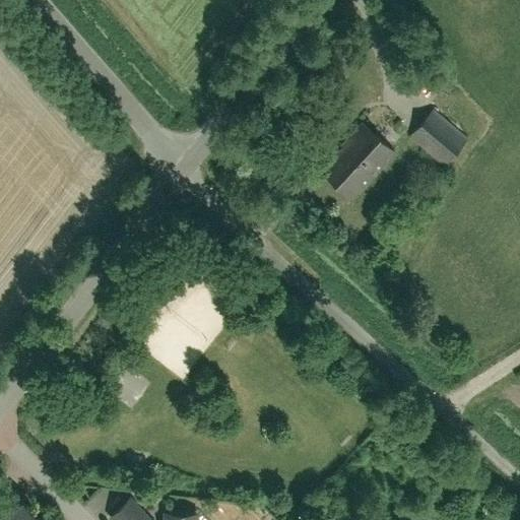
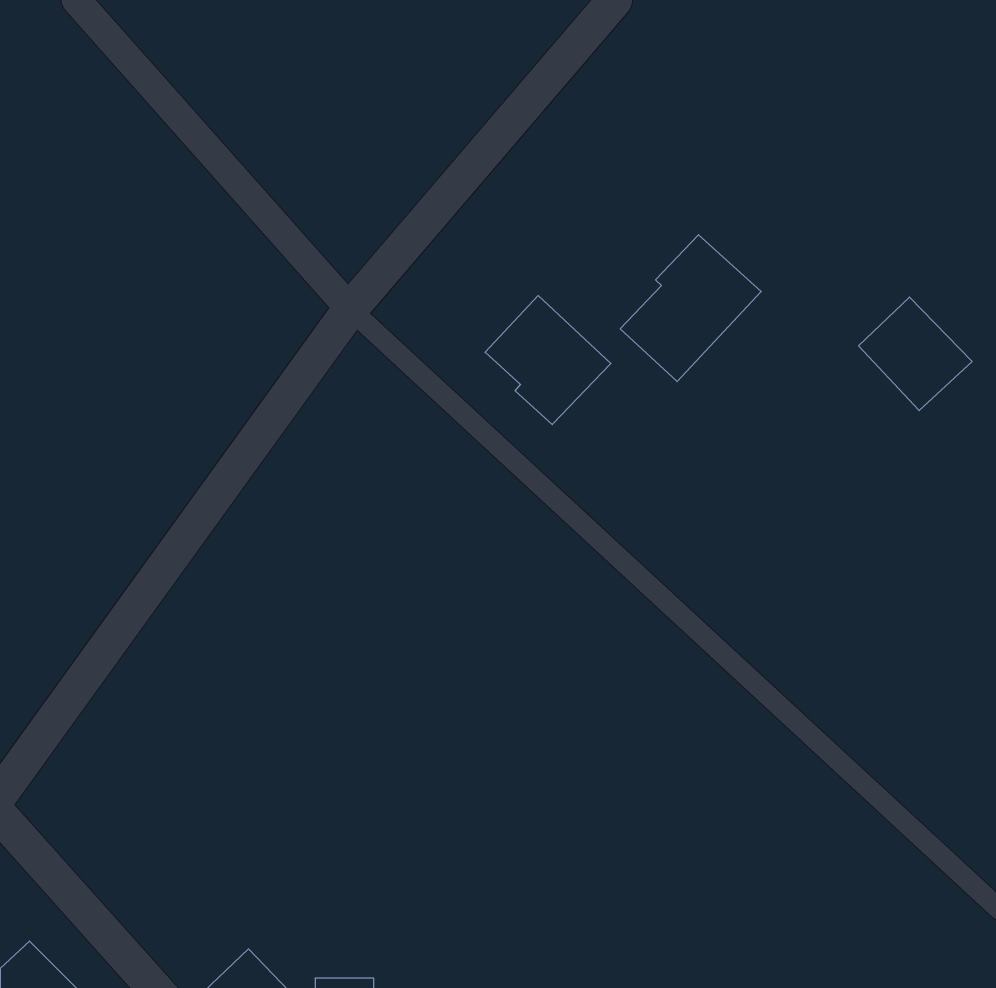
building: [406,111,465,170] -> [859,297,972,411]
building: none -> [485,296,611,425]

